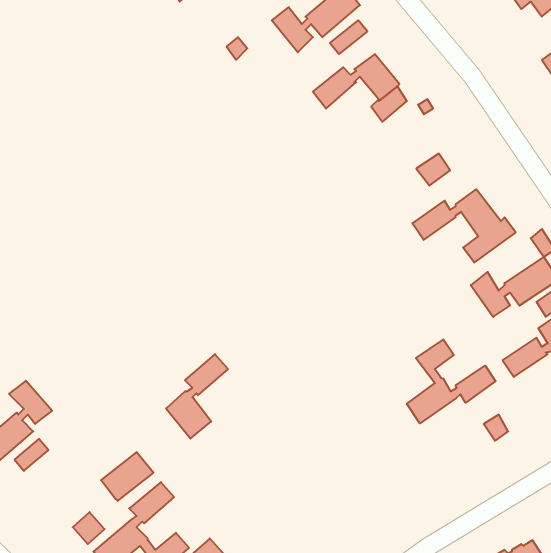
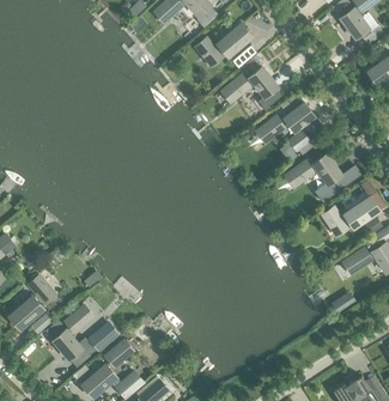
building: none -> [256,102,314,141]
building: [407,339,496,423] -> none
building: [166,354,228,439] -> [53,305,92,359]

